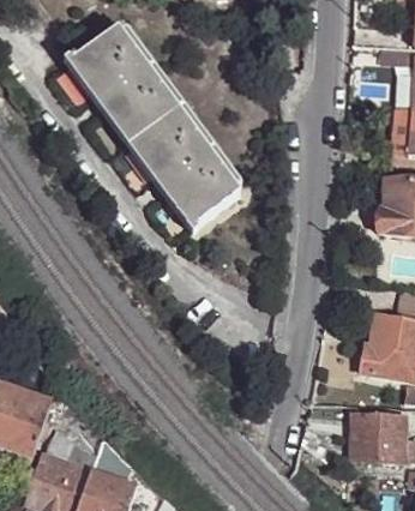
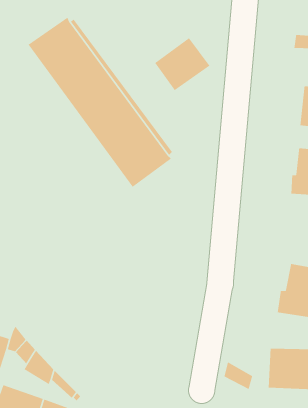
building: none -> [154,37,210,91]

